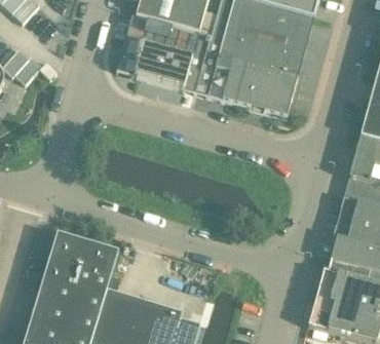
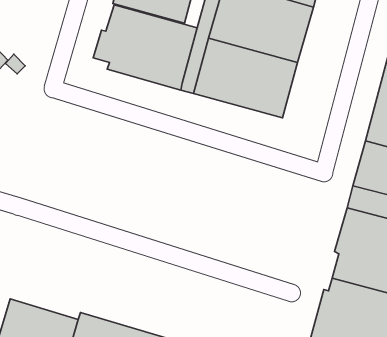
building: [43,232,117,296] -> none

